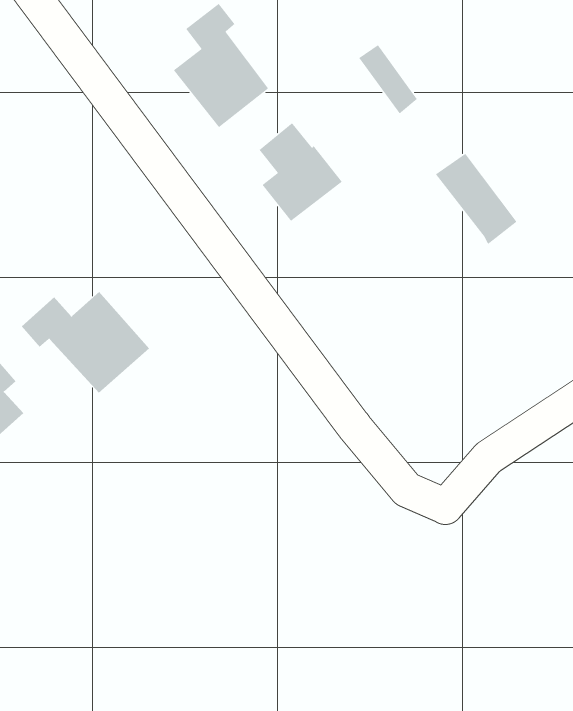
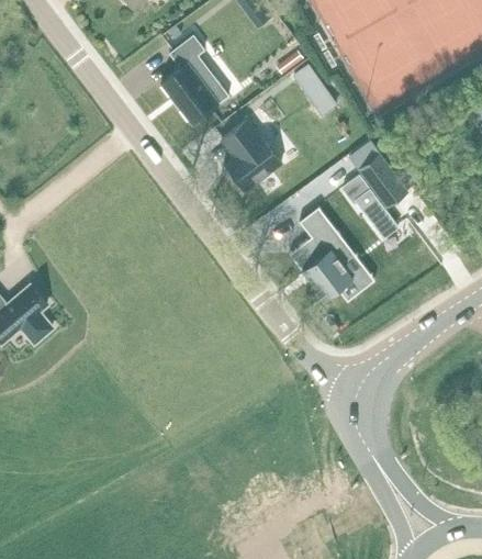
building: none -> [343,175,399,237]
building: none -> [290,205,355,299]
building: [21,291,150,394] -> none

